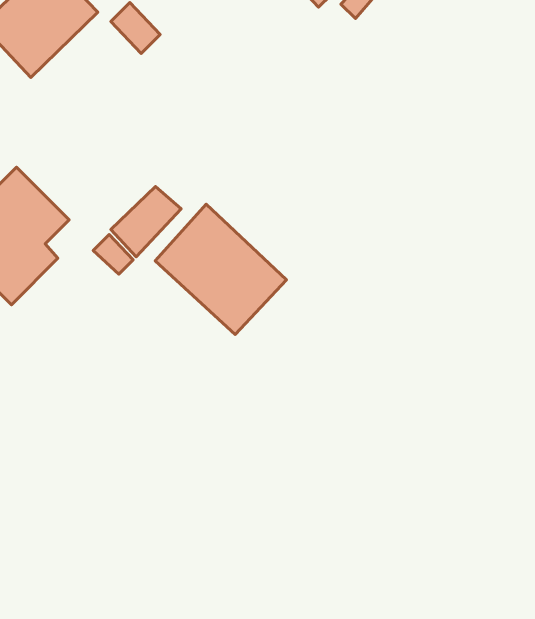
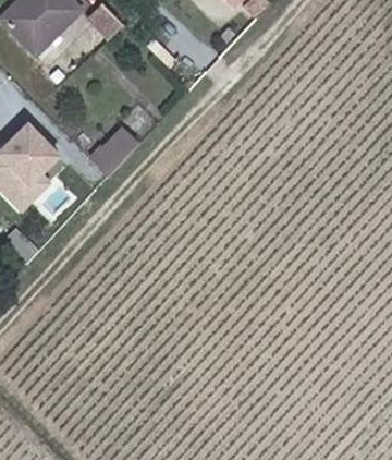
building: [155,204,286,335] -> none

